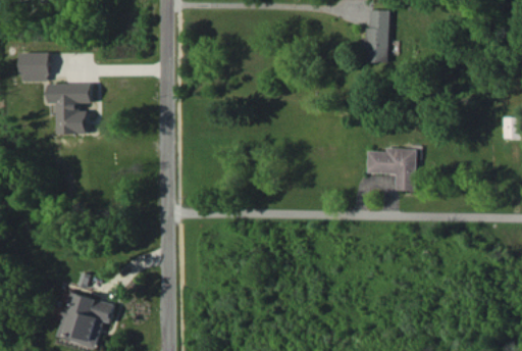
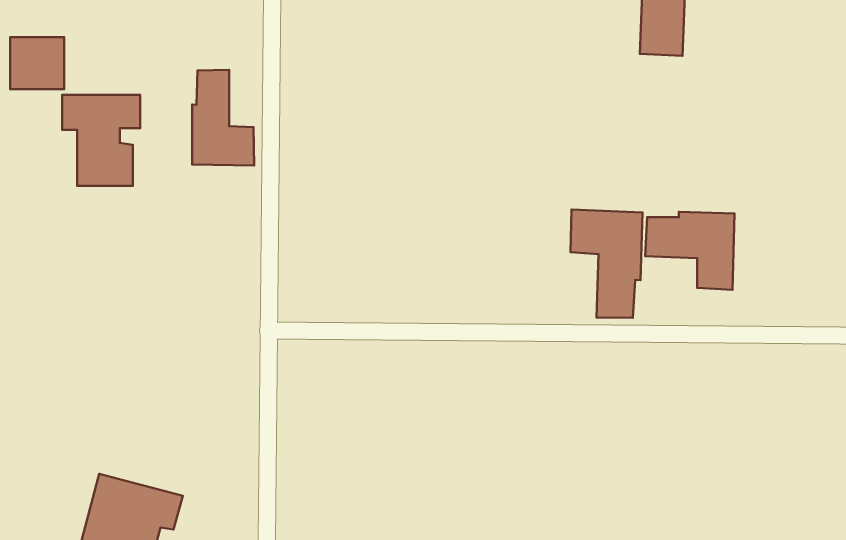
building: none -> [192,70,254,165]
building: none -> [571,209,643,318]

